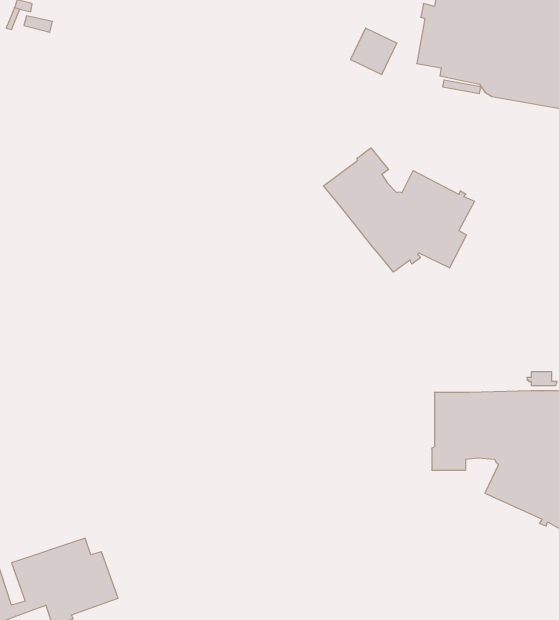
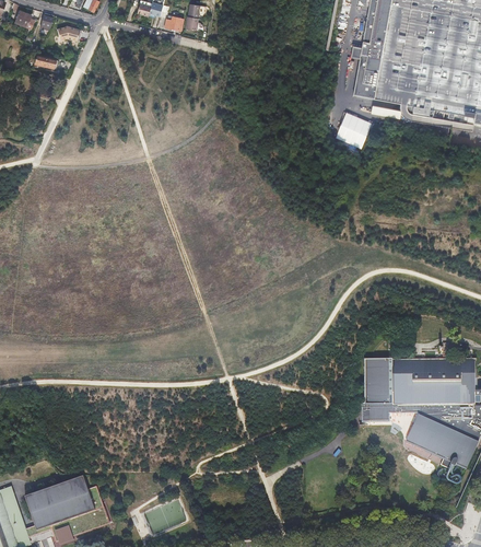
building: [351,28,397,74] -> [336,108,373,146]
building: [323,148,474,272] -> none

